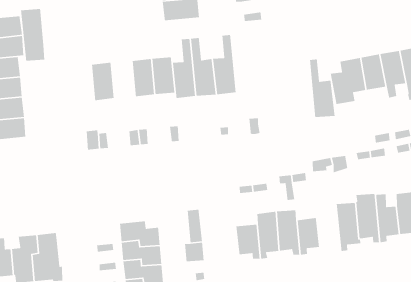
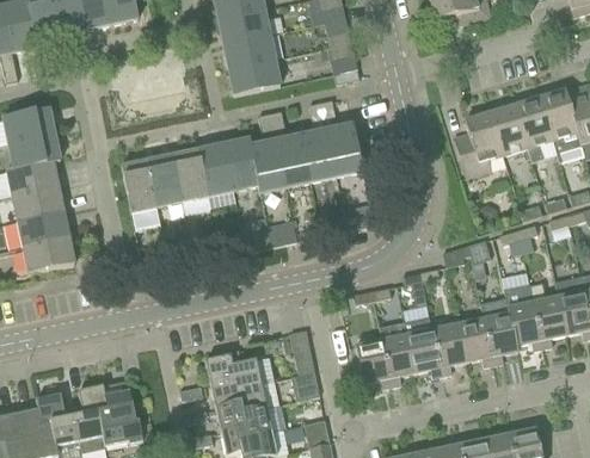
building: [20,8,45,62] -> [121,160,160,230]
building: [309,59,335,118] -> [321,99,363,175]
building: none -> [172,149,208,200]
building: none -> [457,318,493,365]

